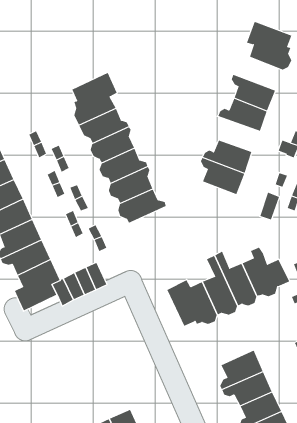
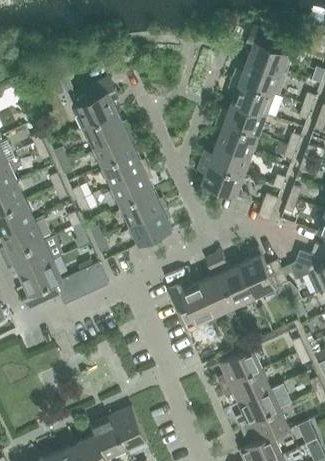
building: none -> [232,62,281,95]
building: none -> [215,120,259,155]
building: none -> [128,208,172,246]

